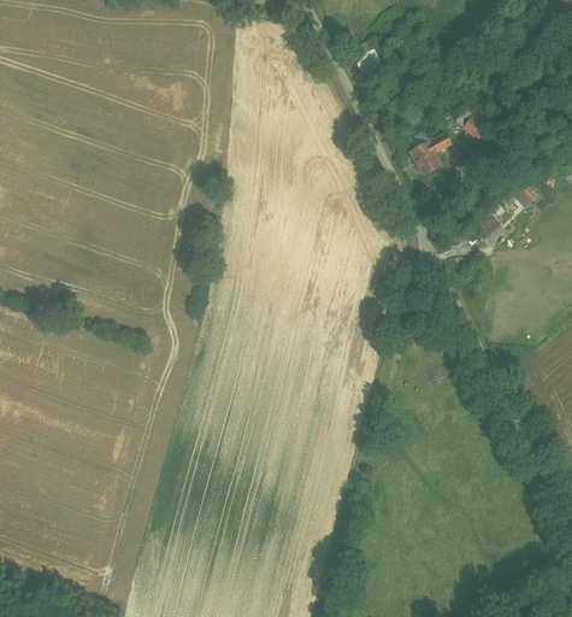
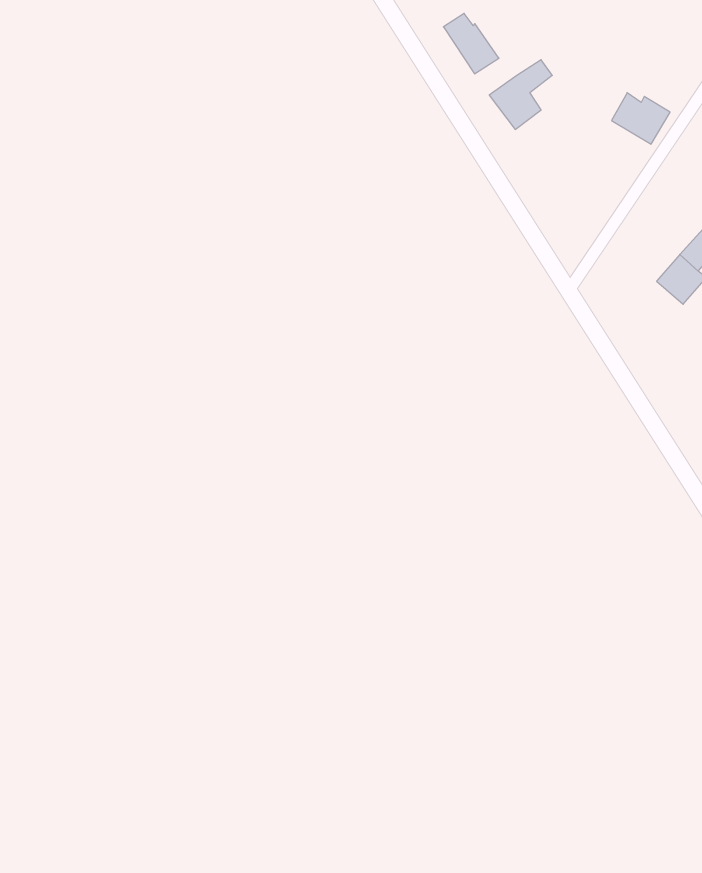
building: [408,133,450,176] -> [489,60,552,129]

